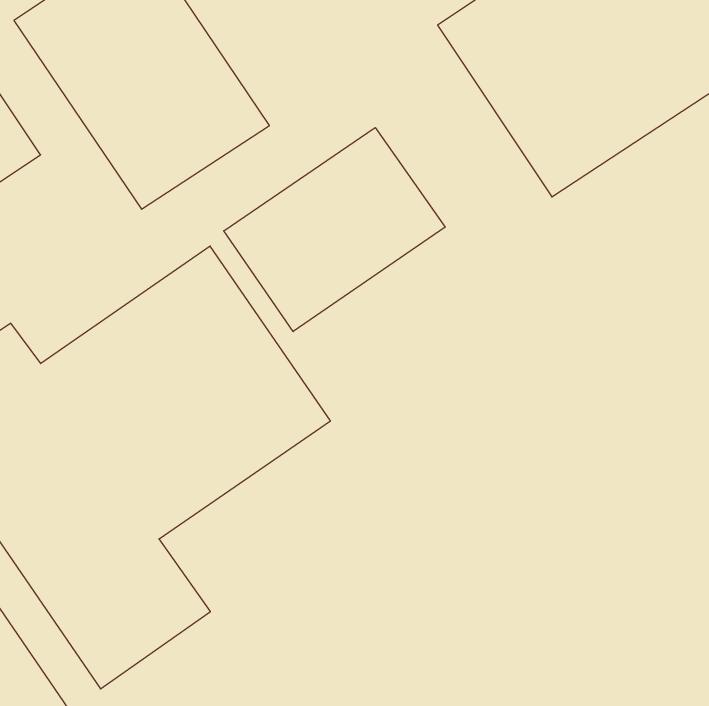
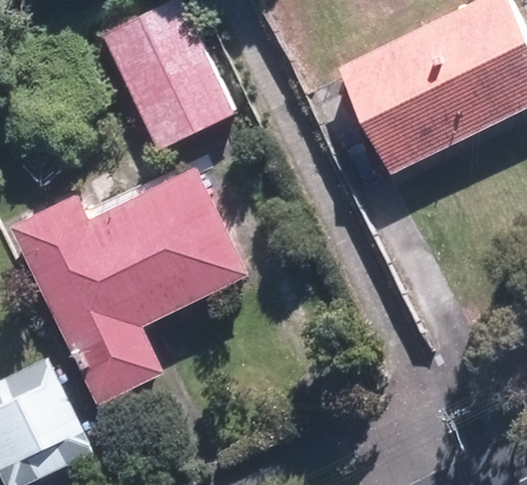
building: [224,128,445,332] -> none

